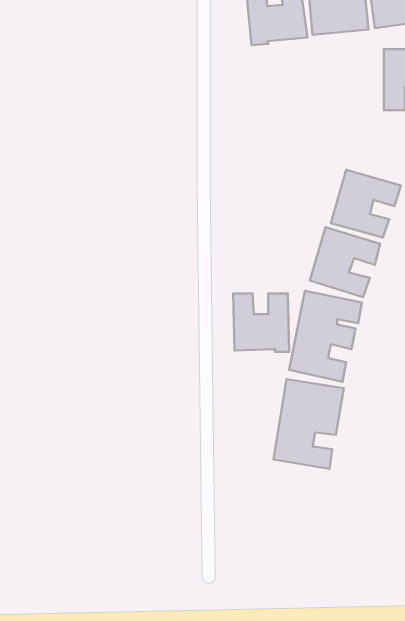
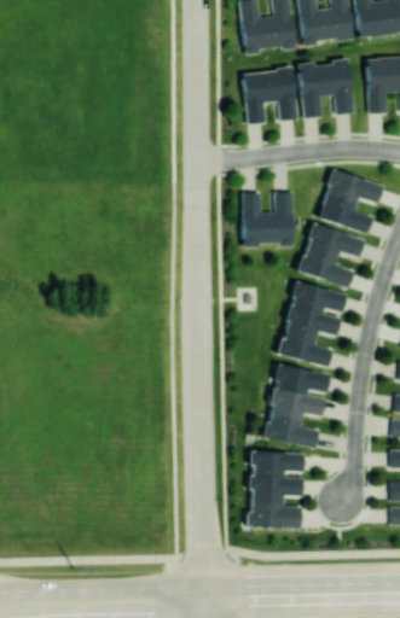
building: none -> [297,59,353,117]
building: none -> [242,66,297,123]
building: [233,293,289,352] -> [242,192,294,246]
building: none -> [247,450,305,529]

